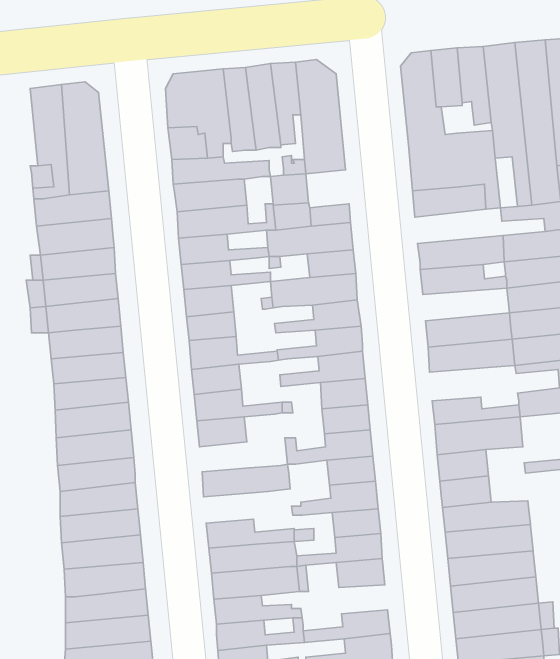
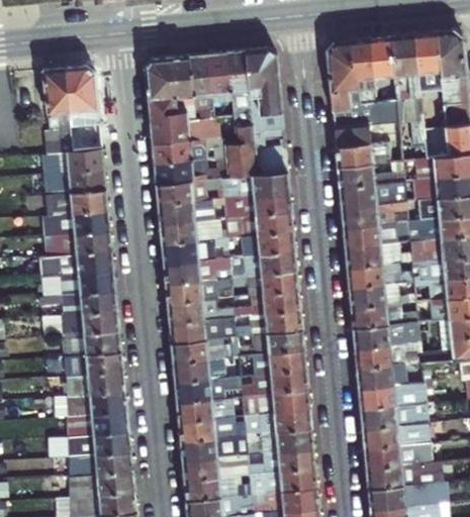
building: none -> [338,169,405,193]
building: none -> [344,227,410,252]
building: none -> [349,288,416,314]
building: none -> [172,345,224,369]
building: none -> [175,382,244,408]
building: none -> [250,455,316,481]

